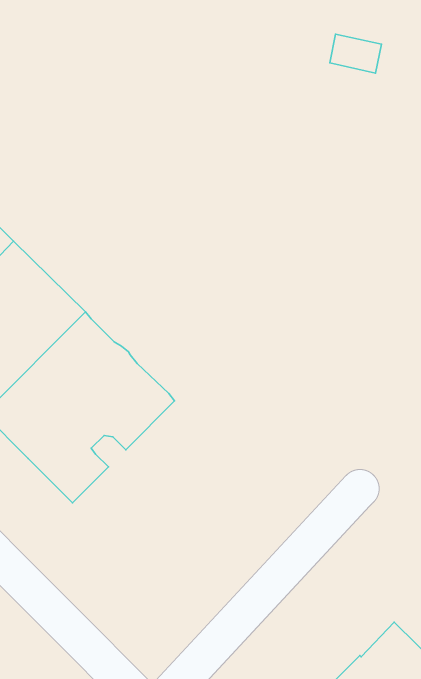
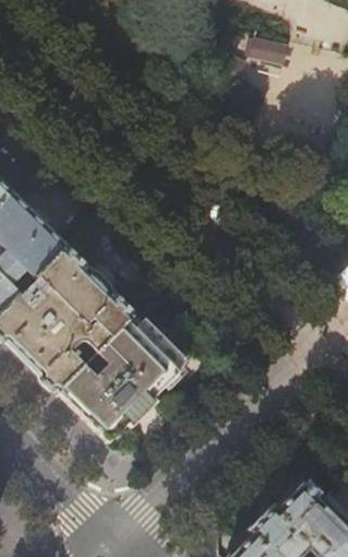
building: none -> [56,315,184,443]

